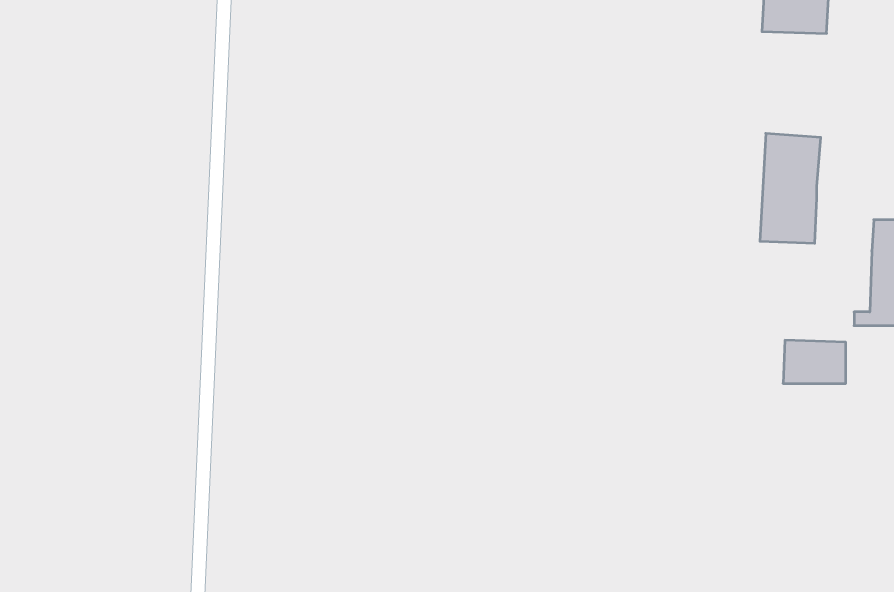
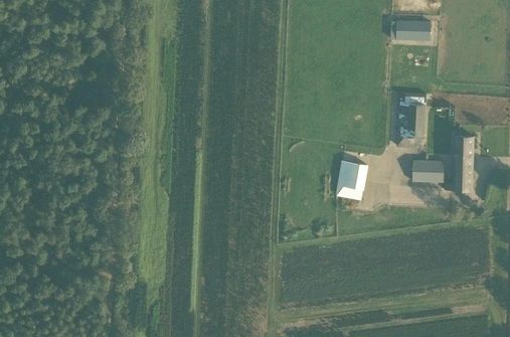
building: none -> [336,161,364,198]
building: [783,340,846,383] -> [410,160,443,182]

